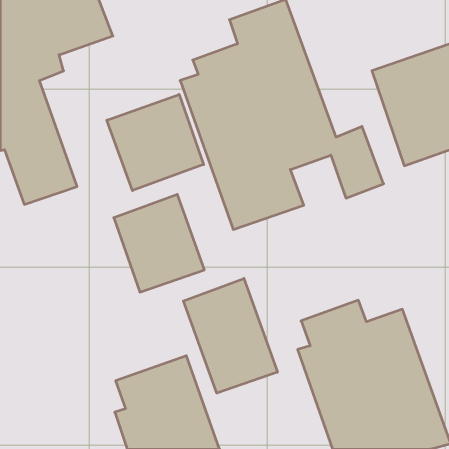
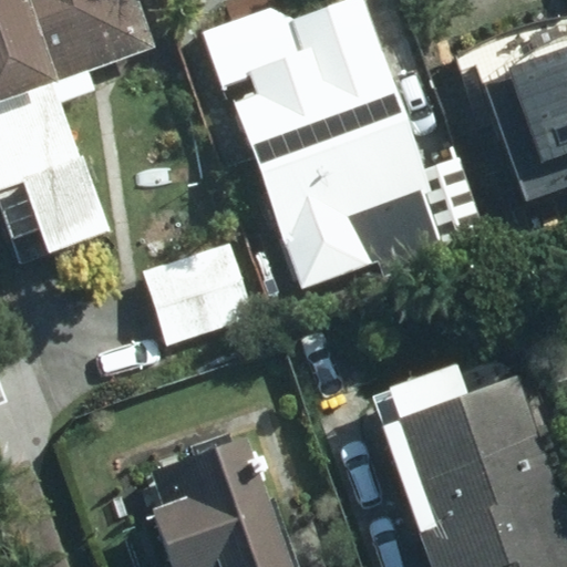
building: [107,94,204,191] -> none
building: [183,278,277,393] -> none

